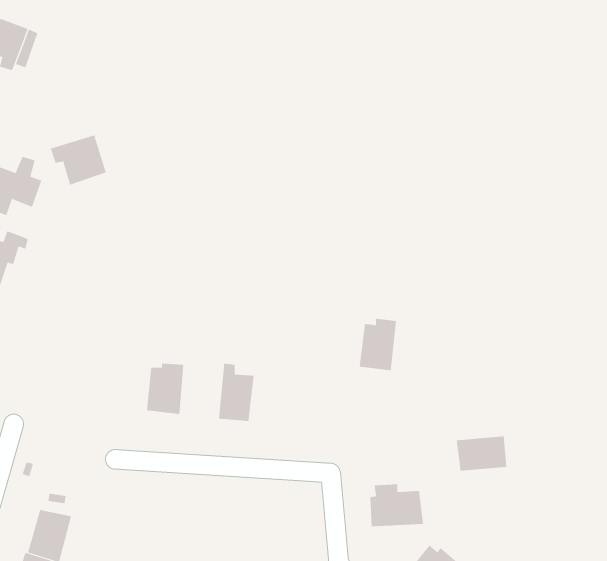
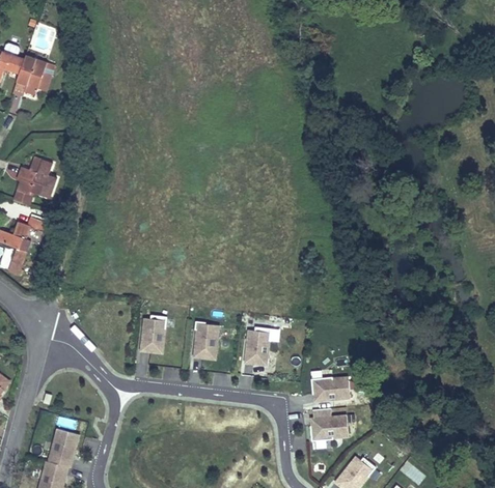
building: [50,134,106,186] -> none
building: [359,318,397,371] -> [241,327,270,368]
building: [456,436,507,471] -> [310,377,350,404]

